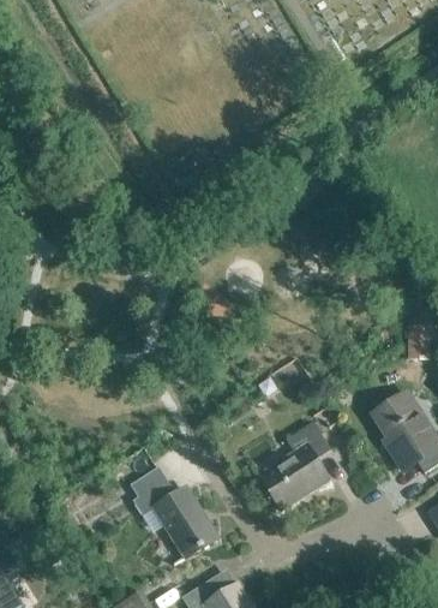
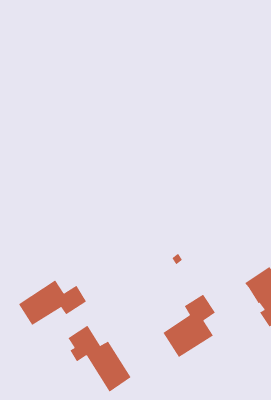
building: none -> [18,279,87,326]

